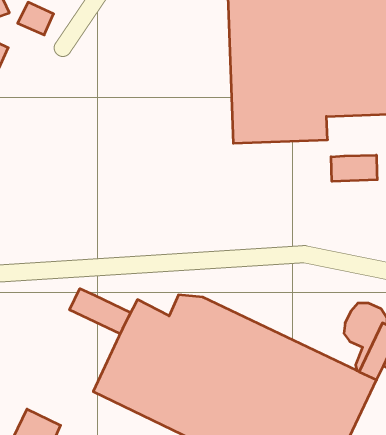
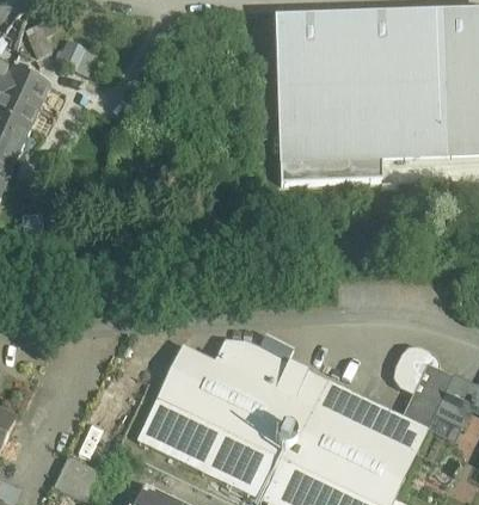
building: [331,155,377,181] -> none
building: [70,289,130,334] -> none

